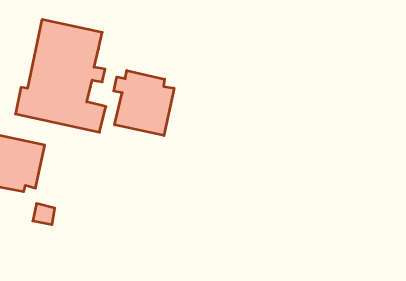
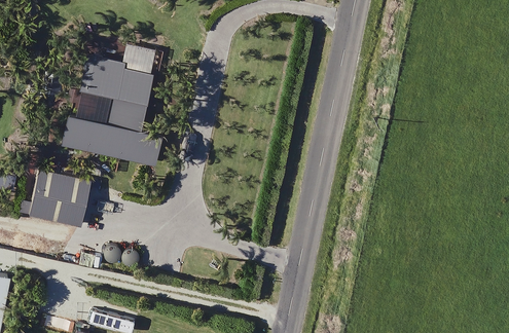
building: [114,70,174,136] -> none

